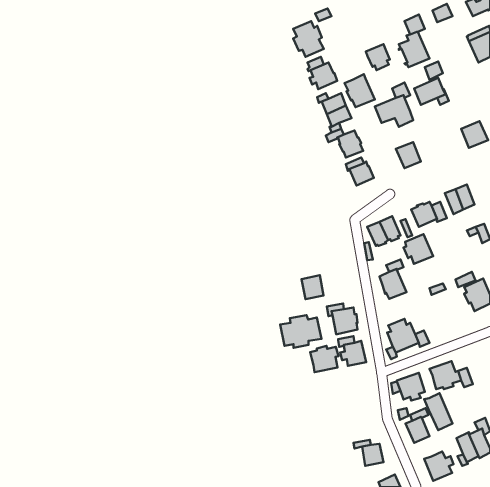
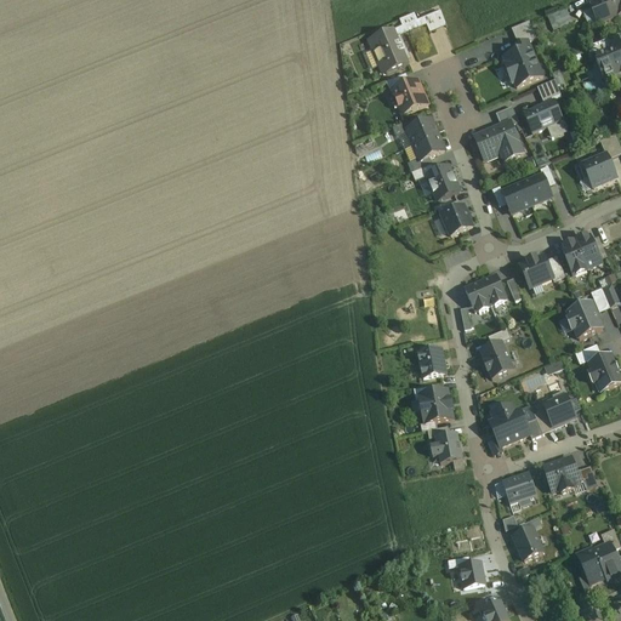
building: [366,44,390,70] -> none
building: [345,74,375,107] -> none
building: none -> [522,171,552,204]
building: [403,234,433,264] -> [564,300,602,337]
building: [302,275,324,299] -> [417,347,445,377]
building: none -> [542,393,575,427]
building: [280,315,321,348] -> none
building: [310,346,338,372] -> none
building: [424,393,453,430] -> none
building: [424,451,454,481] -> none

